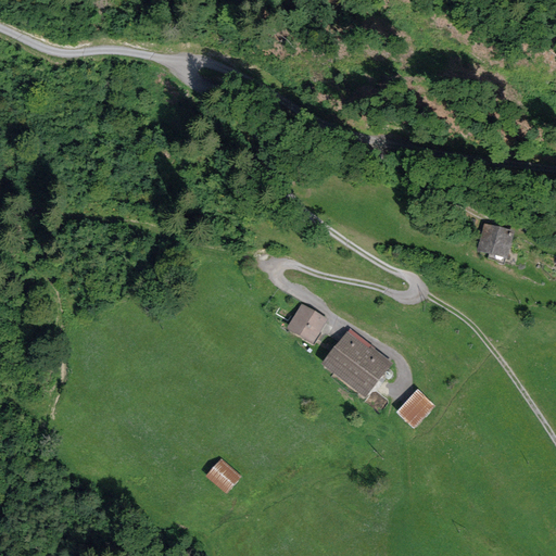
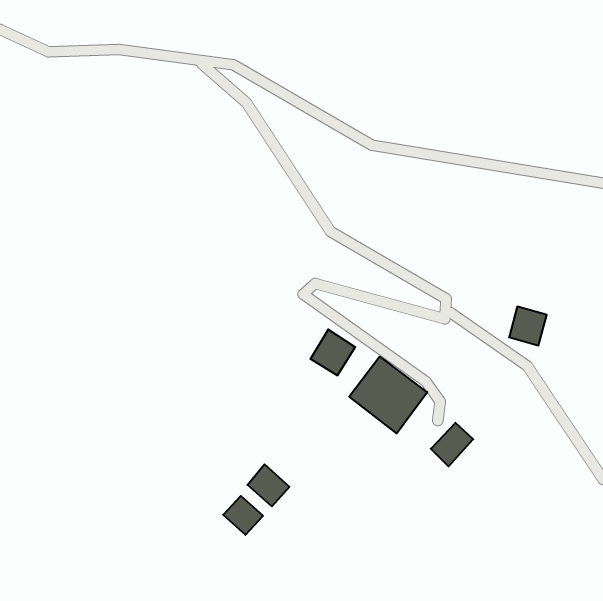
building: [478,223,513,258] -> [509,307,547,345]
building: none -> [247,464,289,506]

